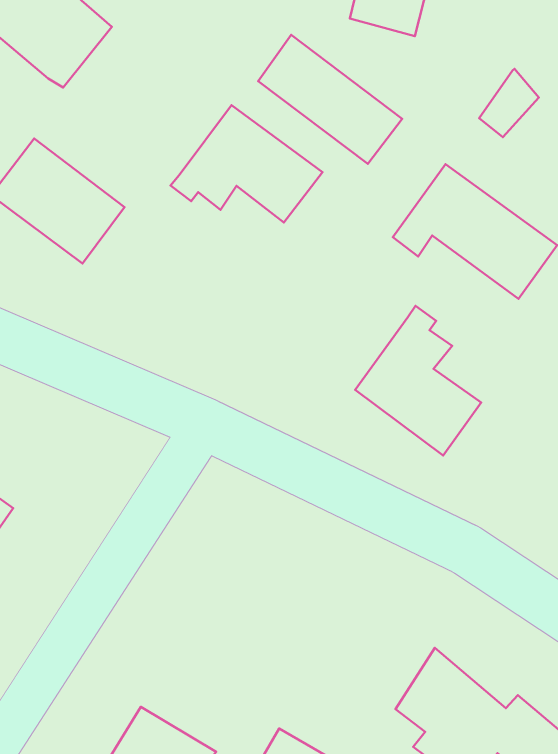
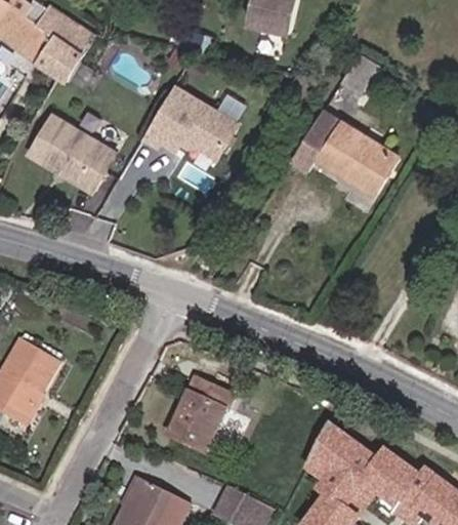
building: [258,35,402,164] -> none
building: [355,306,481,455] -> none
building: none -> [179,378,243,453]

